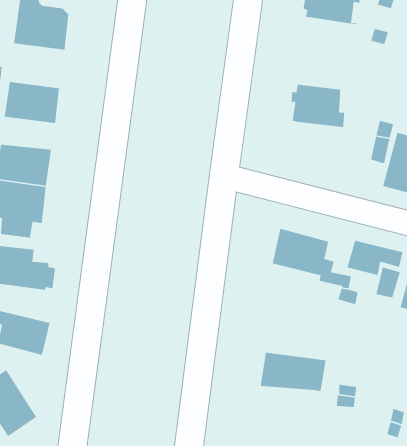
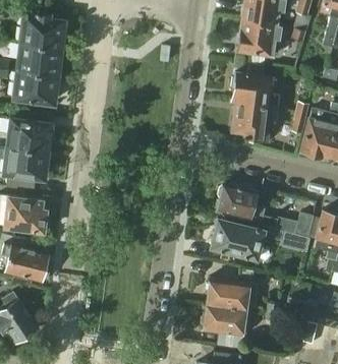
building: none -> [236,22,282,55]
building: none -> [16,43,59,76]
building: none -> [233,103,272,140]
building: none -> [211,222,263,259]
building: none -> [205,304,247,335]

